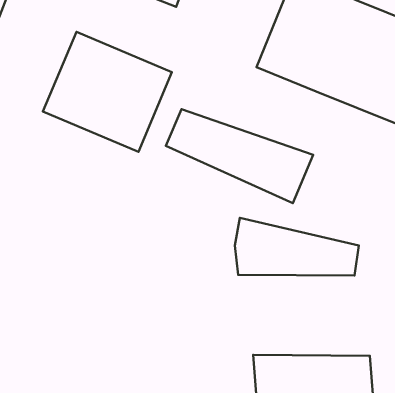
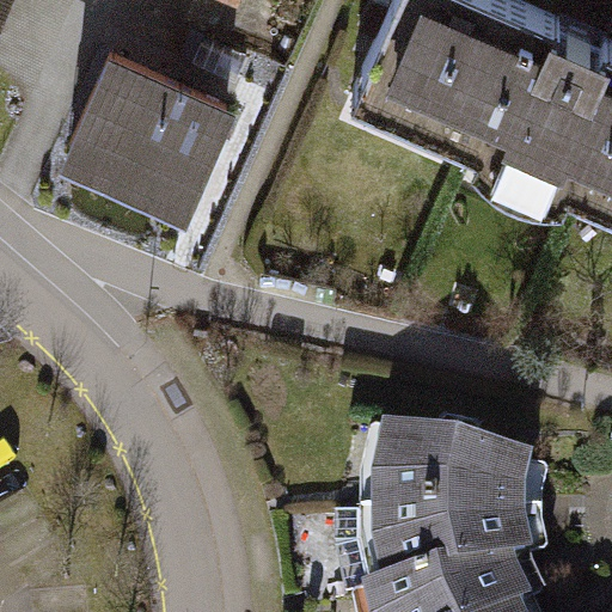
building: [166,109,313,203] -> none
building: [235,218,359,276] -> [360,430,537,513]

